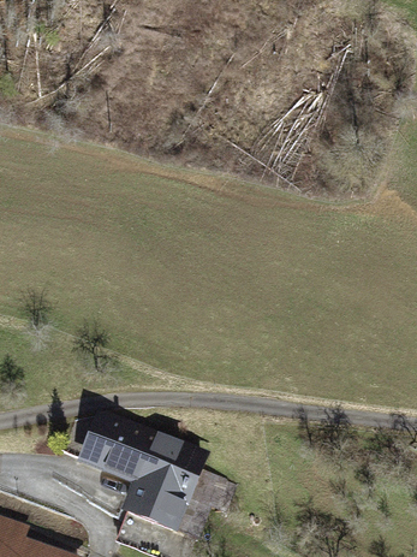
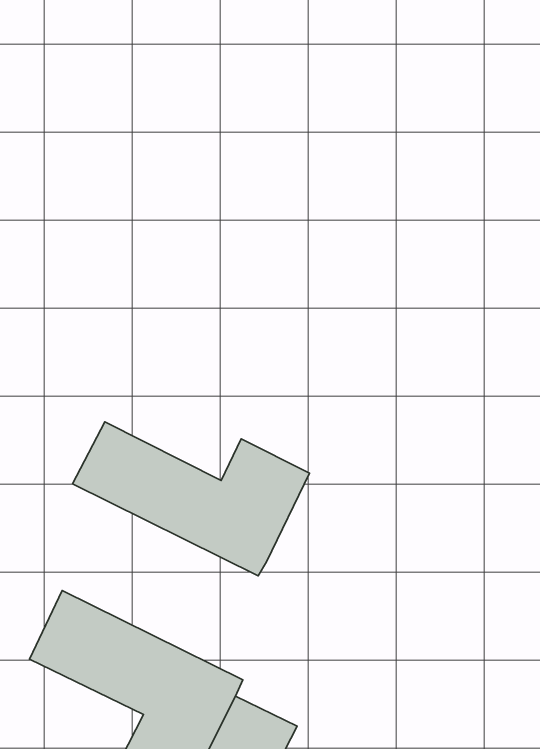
building: none -> [72,422,309,576]

